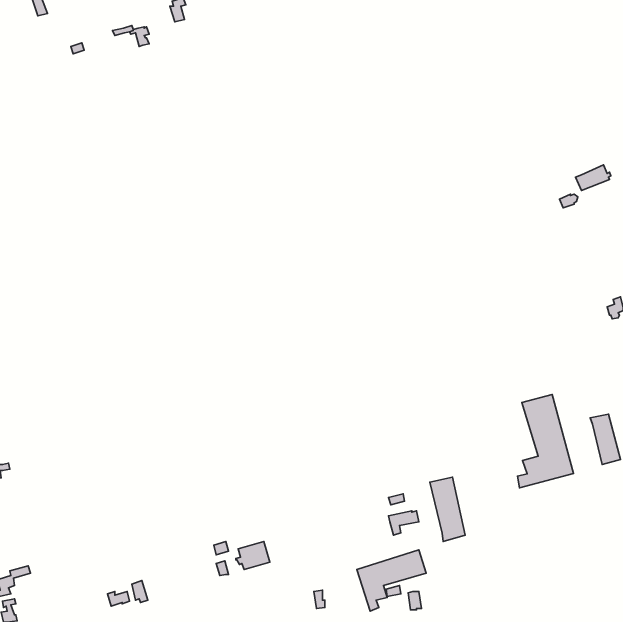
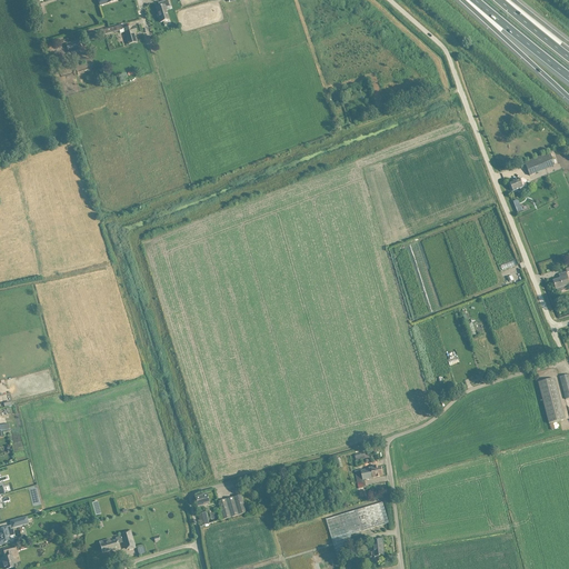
building: [518,395,574,488] -> none
building: [430,477,465,542] -> none

